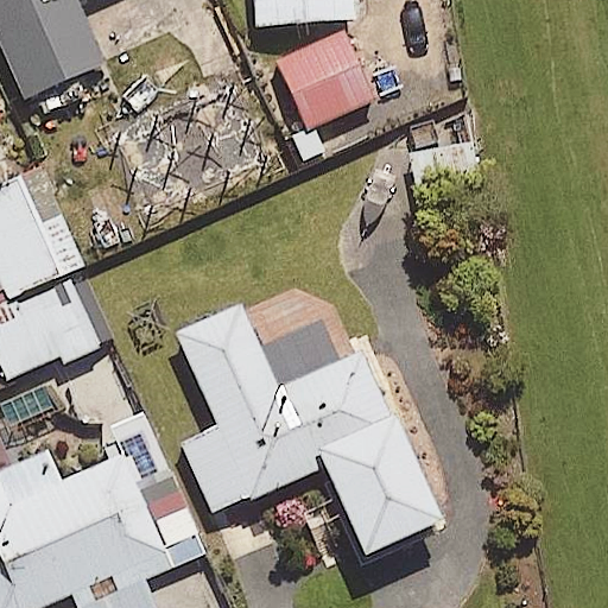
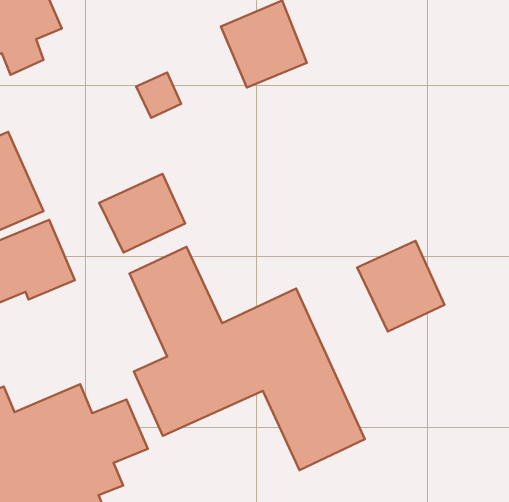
building: none -> [99,174,185,252]
building: none -> [357,241,445,332]

